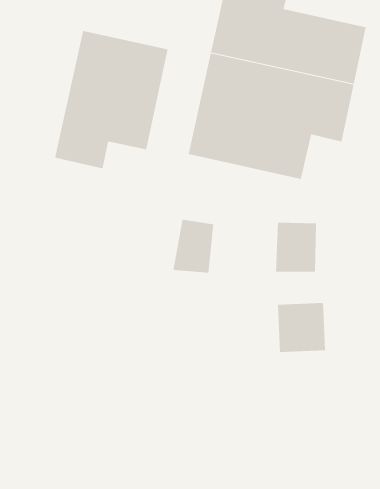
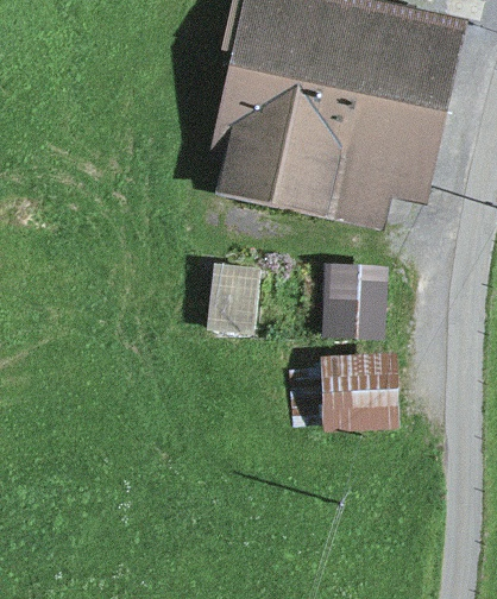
building: [54,30,168,169] -> none

